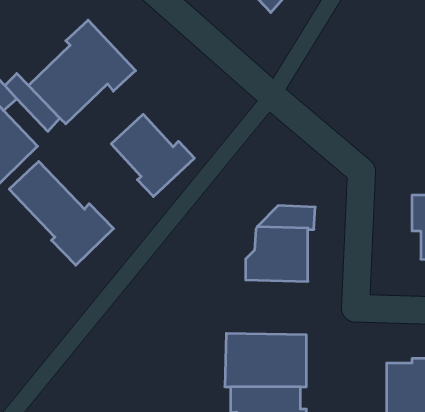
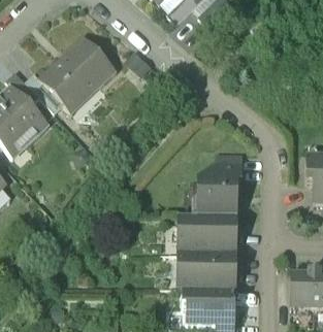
building: [111,114,194,197] -> none
building: [9,161,114,265] -> none
building: none -> [179,215,235,254]

